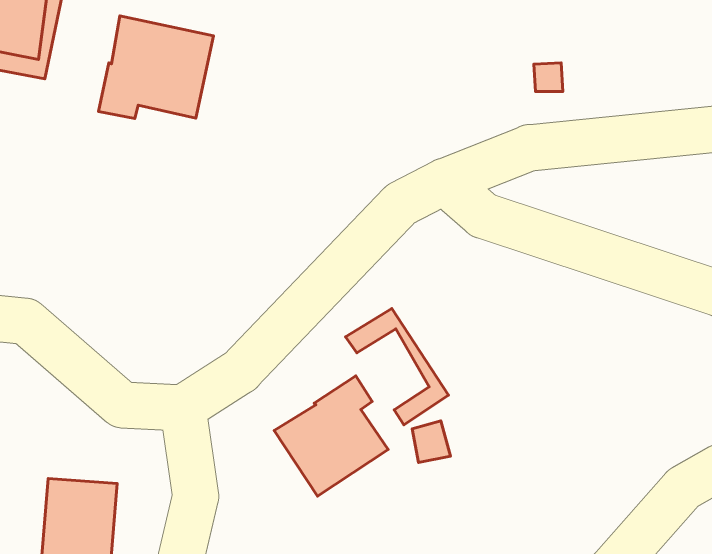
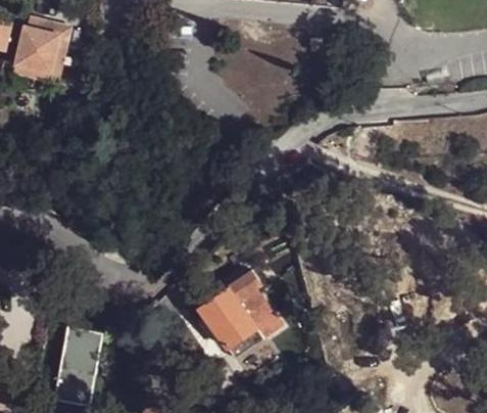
building: [99,16,213,119] -> none
building: [345,309,448,425] -> none

